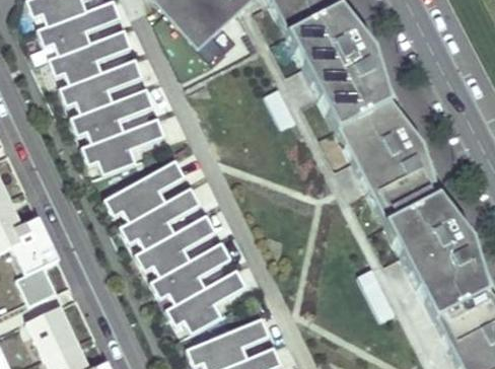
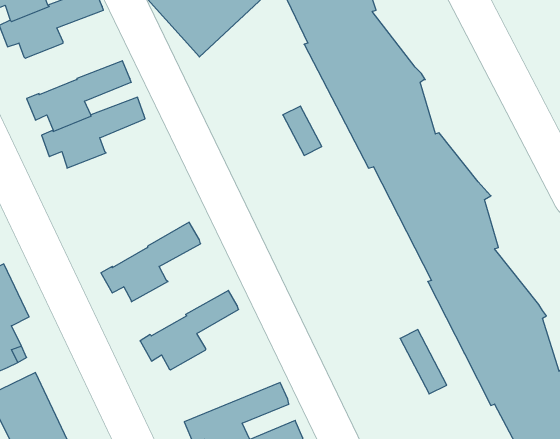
building: [49,26,133,83] -> none
building: [83,115,166,172] -> none
building: [104,159,185,222] -> none
building: [135,213,215,277] -> none
building: [166,268,248,333] -> none

